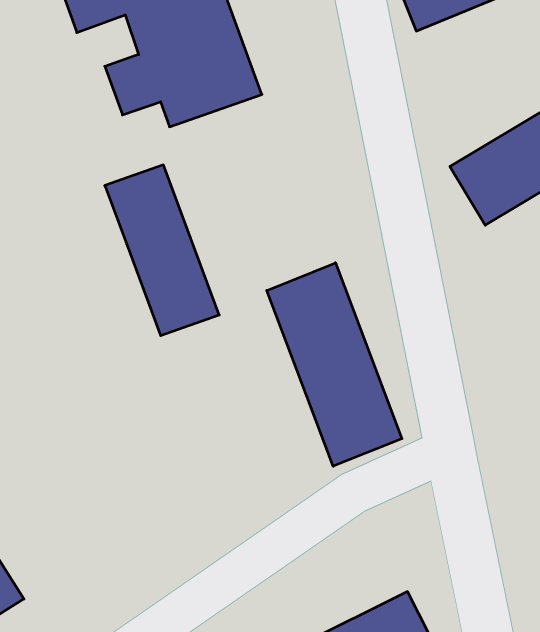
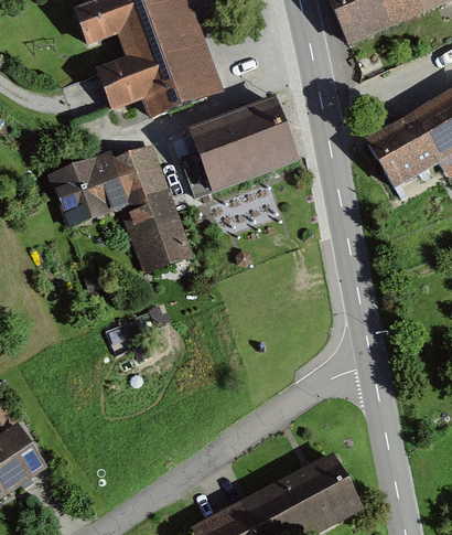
building: none -> [173,95,302,201]
building: none -> [50,147,121,220]
building: [267,263,402,466] -> none

